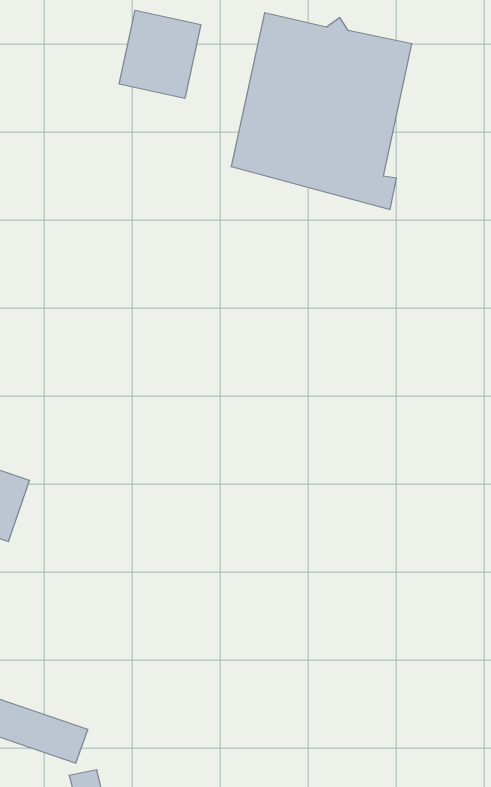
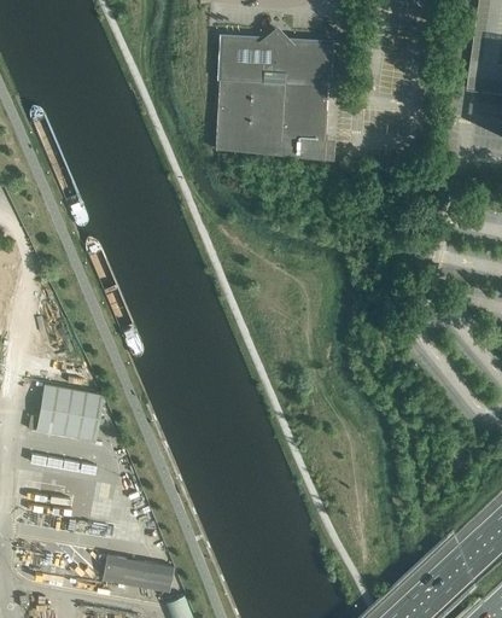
building: [119,10,201,98] -> none

